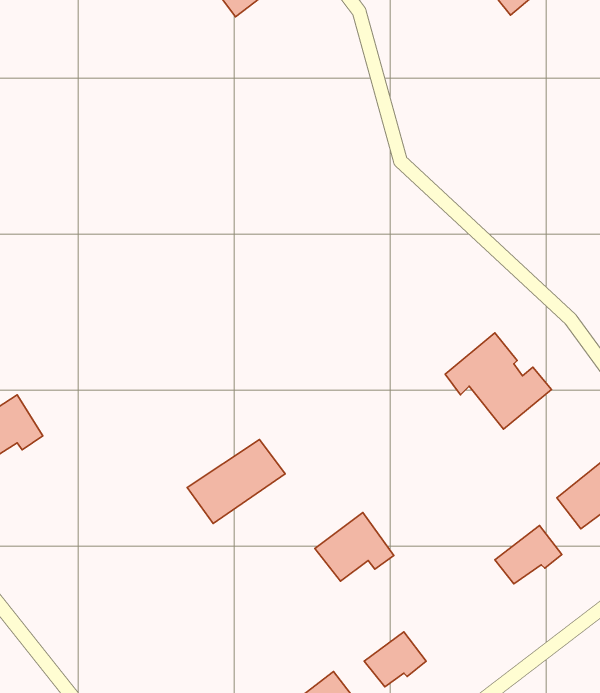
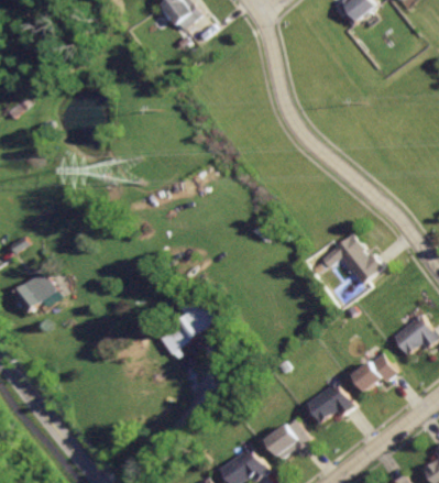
building: [315,512,394,581] -> [298,381,349,425]

